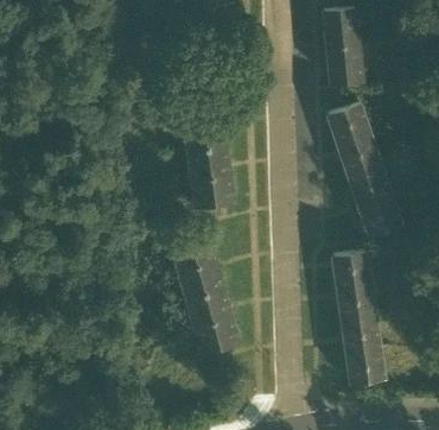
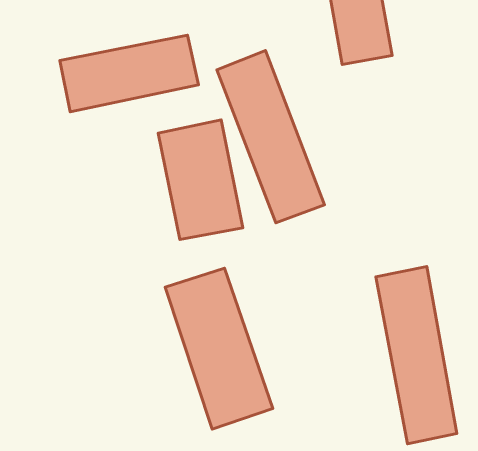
building: none -> [60,35,198,112]
building: [329,101,400,235] -> [217,51,325,223]

